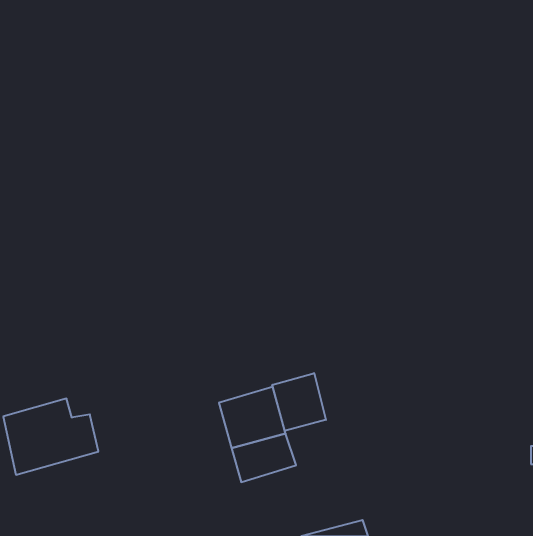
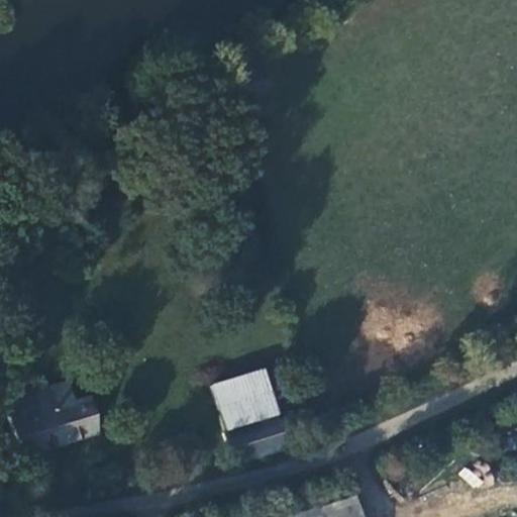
building: [272,373,326,431] -> none

